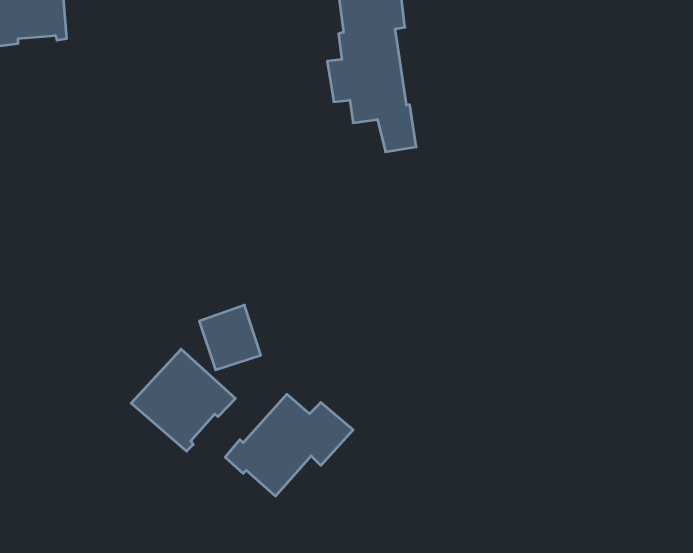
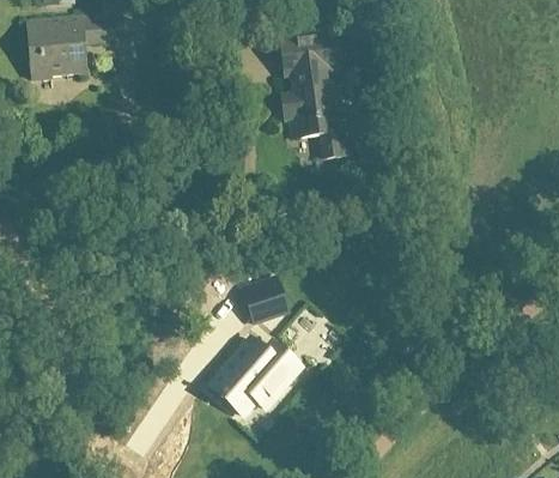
building: [199,305,261,370] -> [243,276,288,323]
building: [131,349,235,451] -> none

